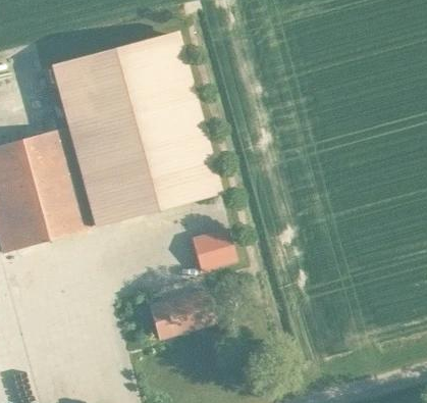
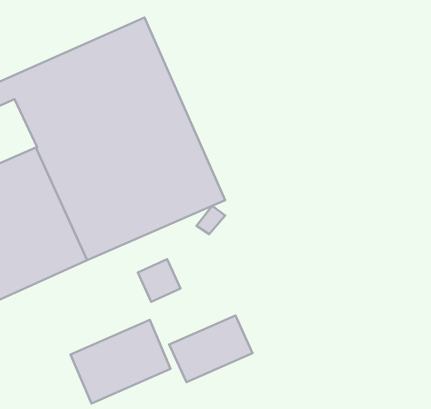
building: [194,234,226,266] -> [138,259,181,302]
building: none -> [71,320,171,403]

